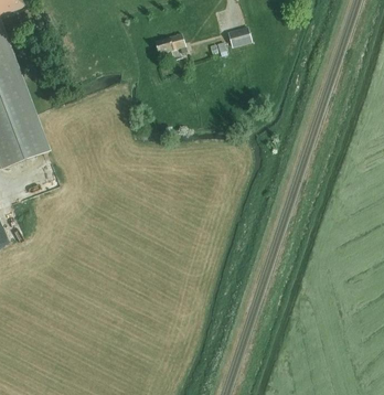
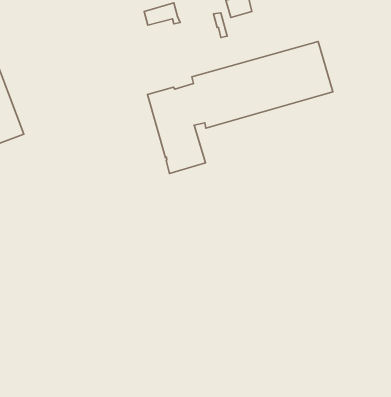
building: none -> [147,41,333,173]

